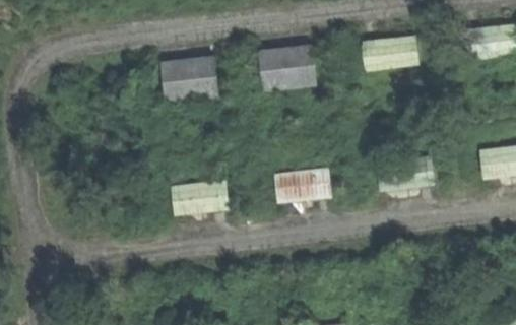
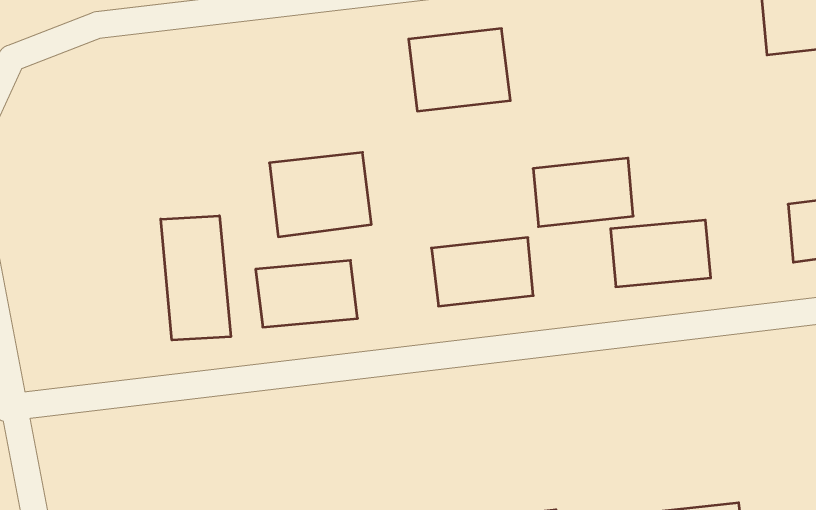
building: [362,34,420,73] -> [533,158,633,227]
building: [162,56,220,105] -> [269,152,371,237]
building: none -> [161,216,231,340]

